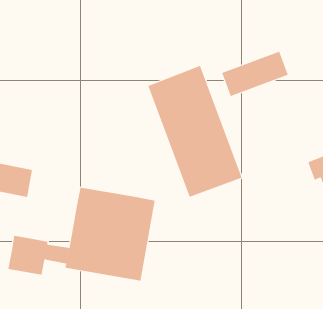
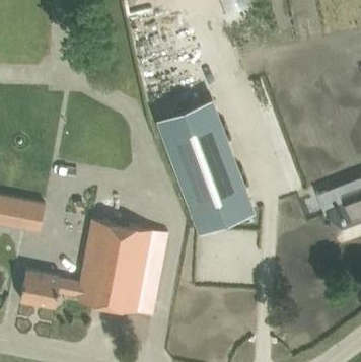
building: [222,51,288,97] -> none

